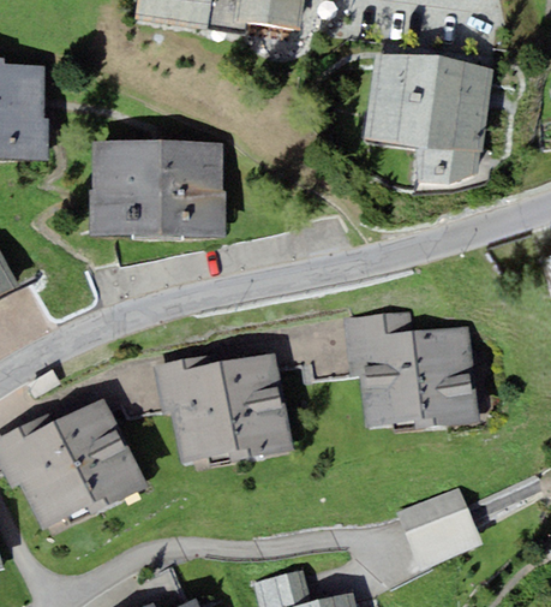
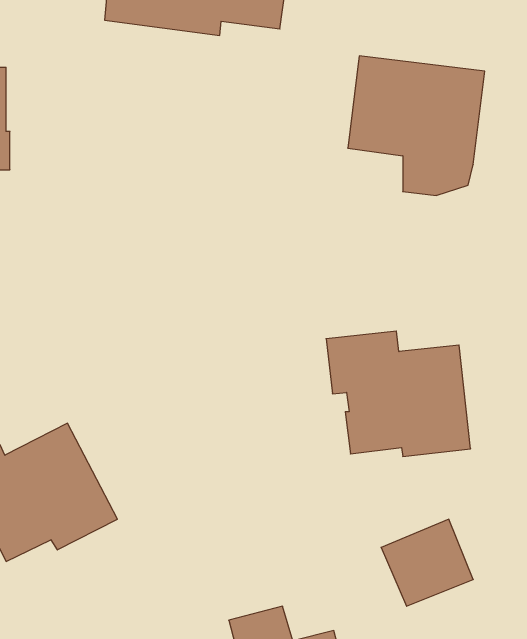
building: [89,141,226,237] -> none
building: [154,351,294,463] -> none

